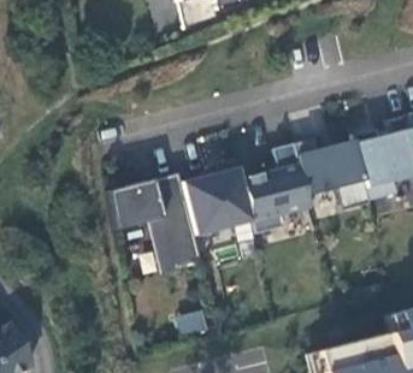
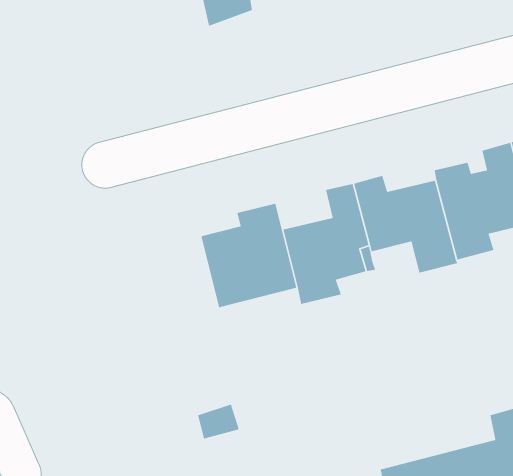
building: [106,173,199,270] -> none

